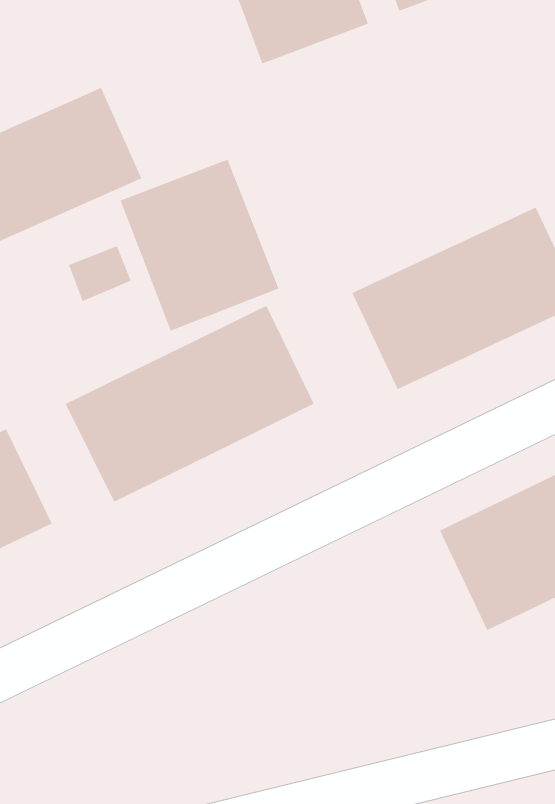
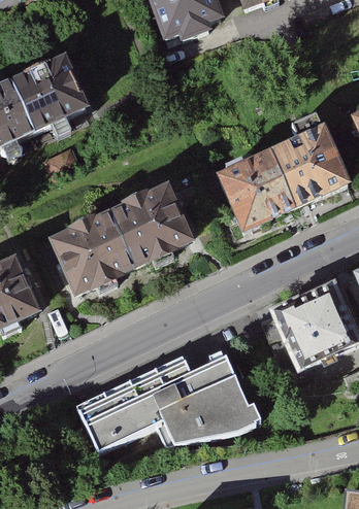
building: [120,159,279,331] -> none
building: none -> [77,354,260,451]

